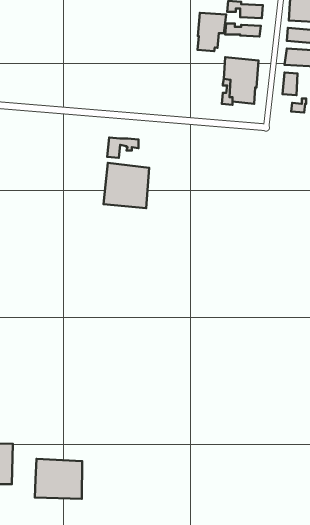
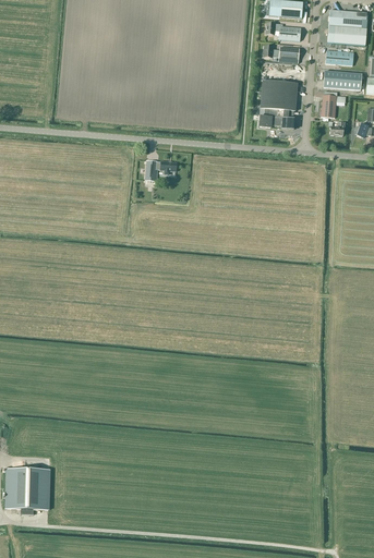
building: [197,13,226,51] -> none
building: [104,163,149,208] -> none
building: [35,459,82,499] -> none

